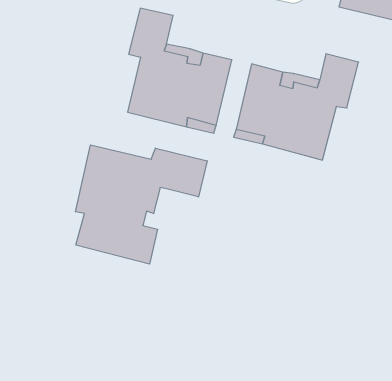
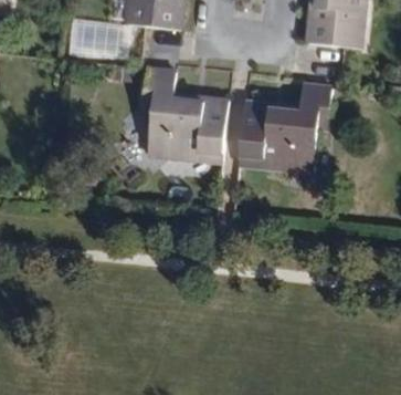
building: [75,145,207,264] -> none

